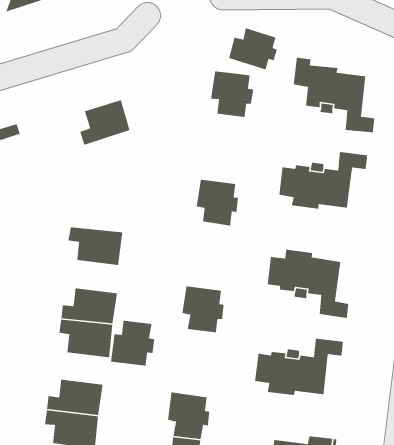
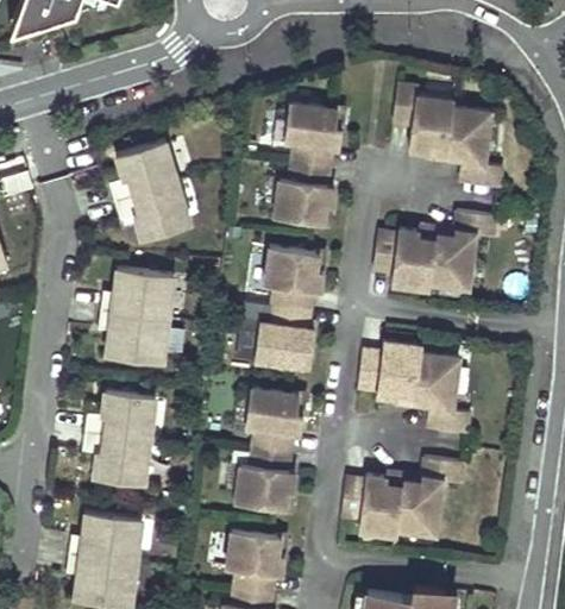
building: [228,27,278,70] -> none
building: none -> [275,163,334,225]
building: none -> [117,184,192,241]
building: none -> [99,270,175,319]
building: none -> [256,306,315,368]
building: [110,320,155,367] -> [237,448,296,510]

